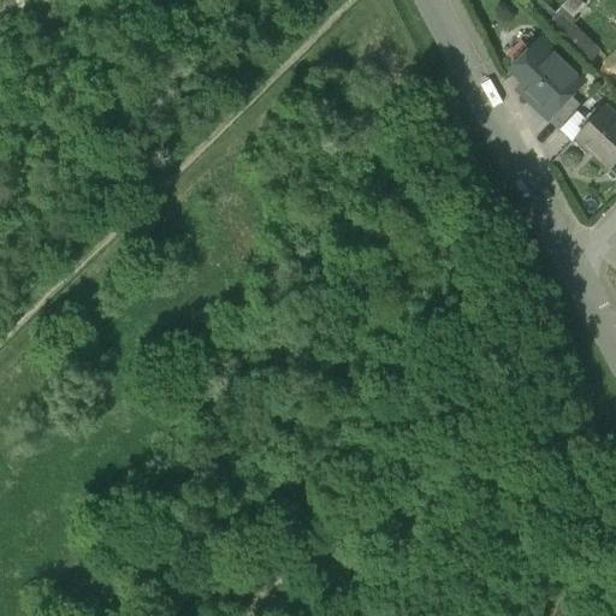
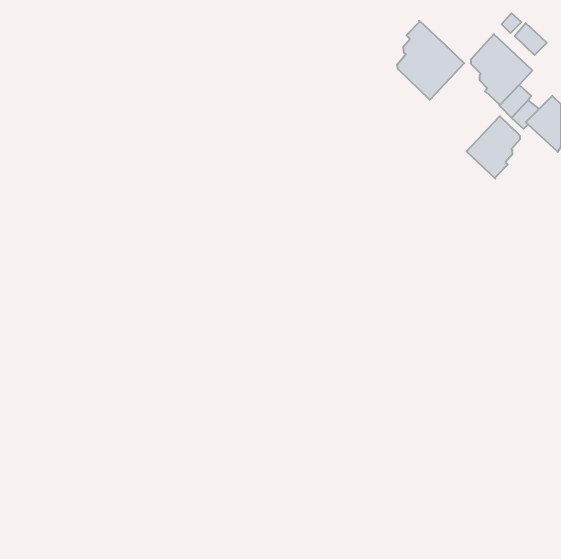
building: none -> [397,21,464,100]
building: none -> [467,116,520,179]

